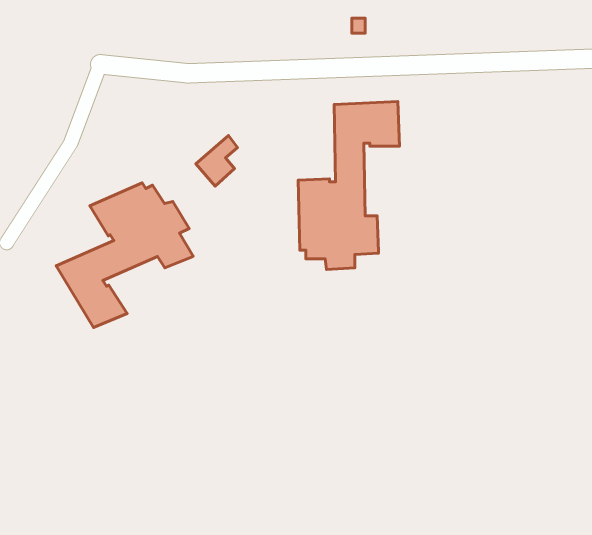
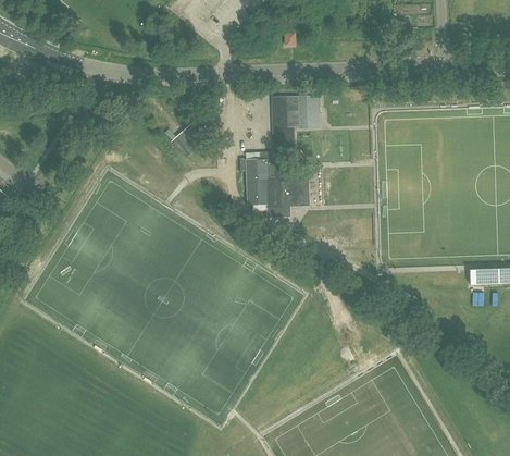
building: [56,183,193,328] -> none

